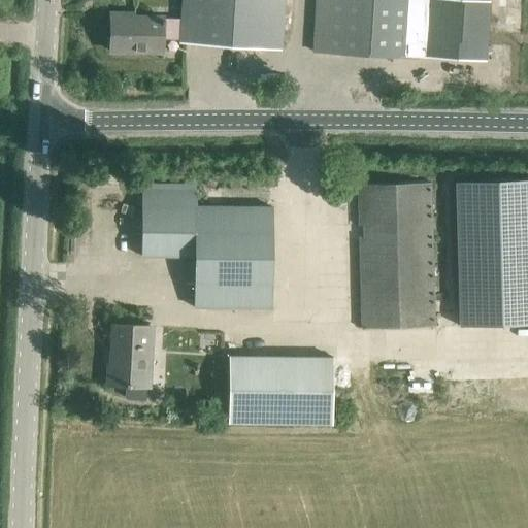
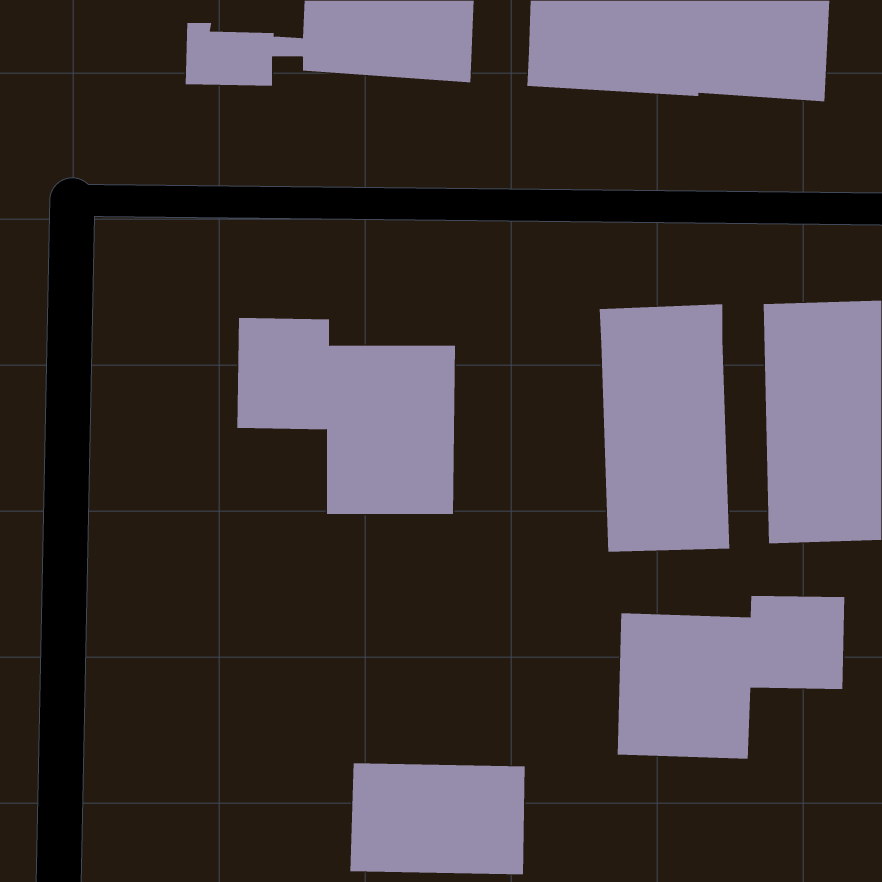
building: [108,324,153,387] -> none
building: none -> [617,595,845,759]
building: [228,356,333,423] -> [349,763,526,875]

